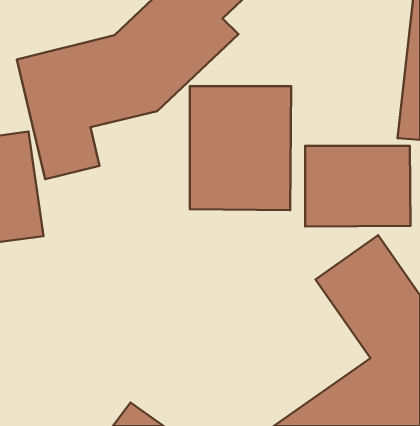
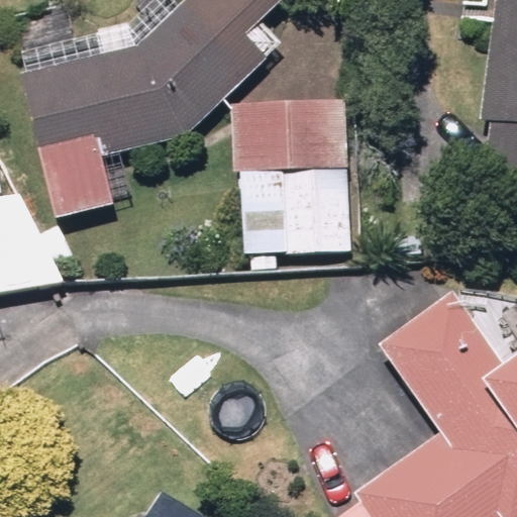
building: [305,146,411,226] -> none

